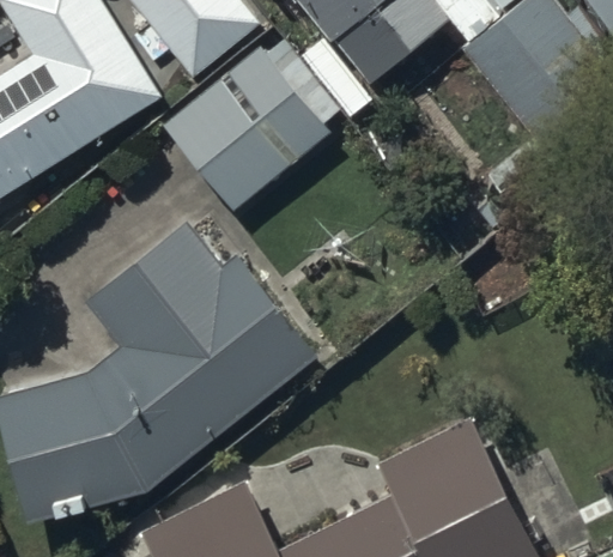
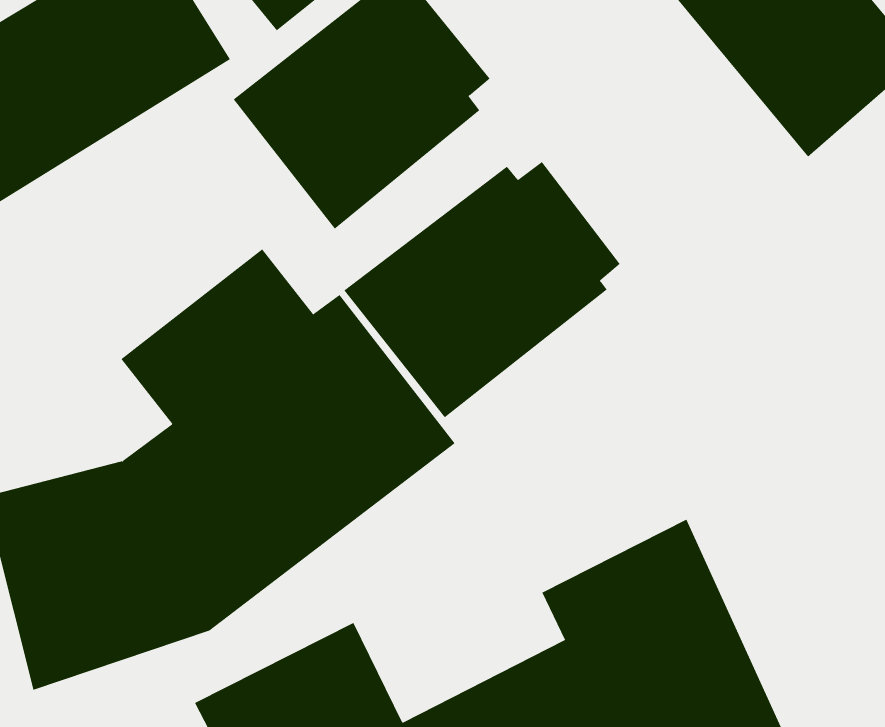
building: none -> [343,161,621,418]

